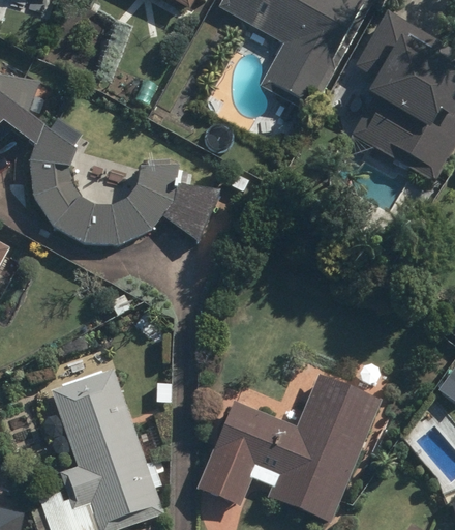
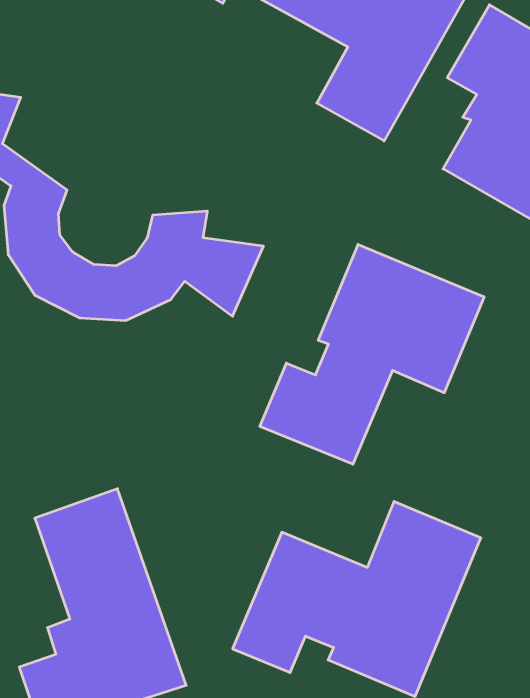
building: none -> [260,244,484,464]

